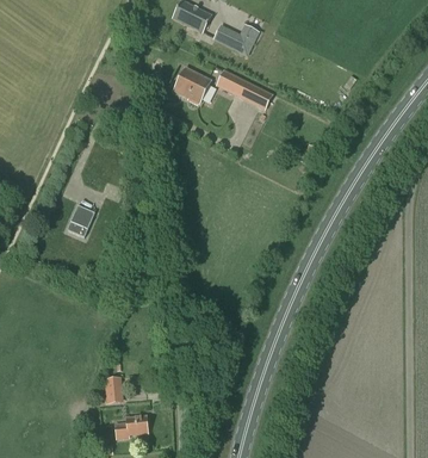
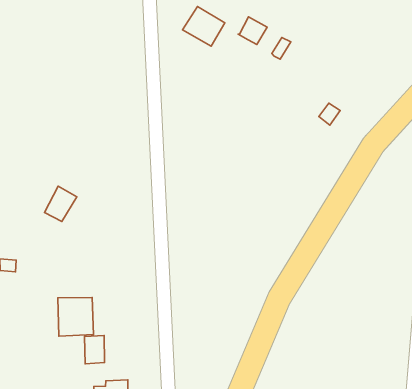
building: [67,204,95,236] -> [44,186,77,222]
building: none -> [58,297,93,336]

